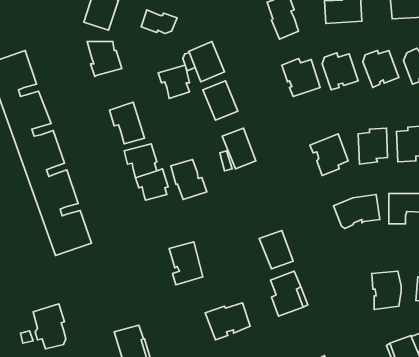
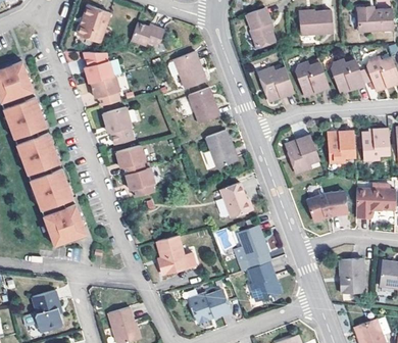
building: [158,65,190,99] -> [91,75,119,105]
building: [171,159,207,200] -> none
building: none -> [220,182,252,215]

